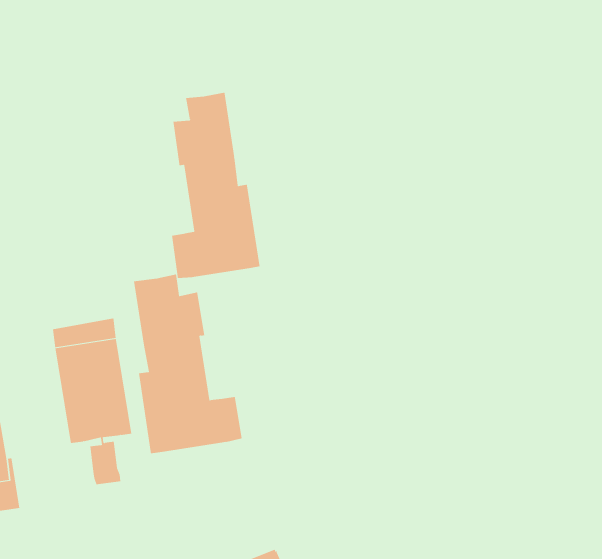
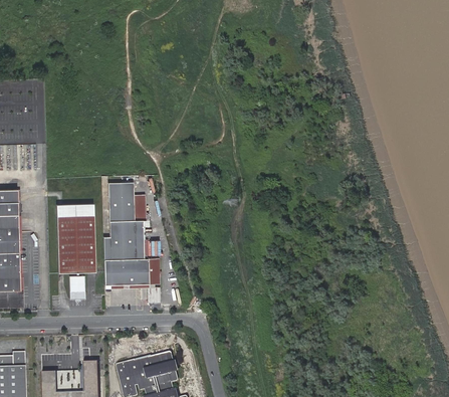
building: [171,92,260,279] -> none

